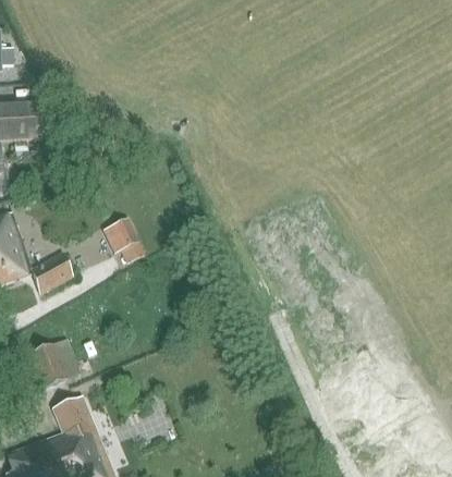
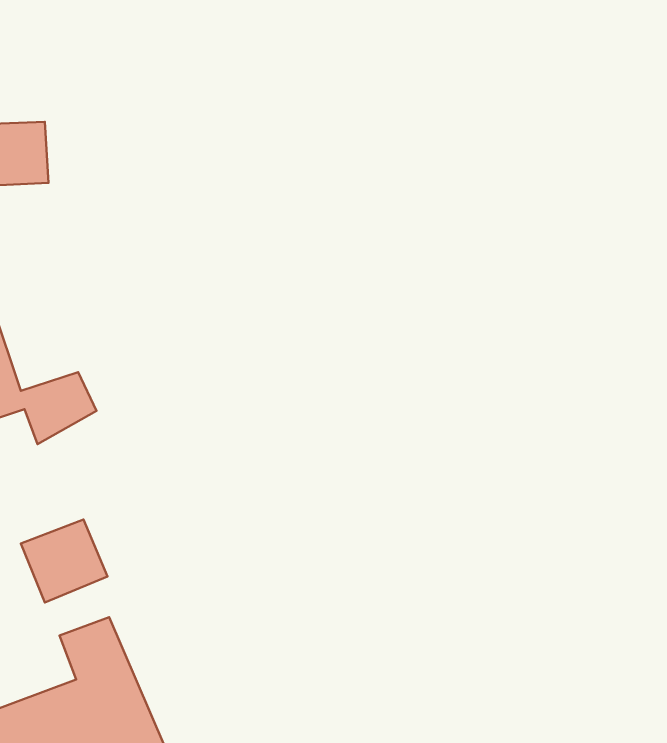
building: [102,218,138,253] -> none

